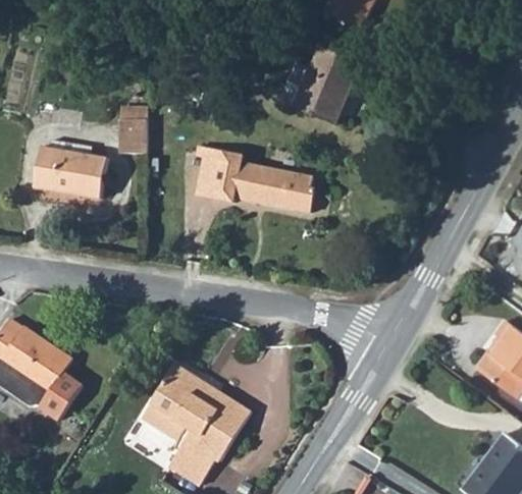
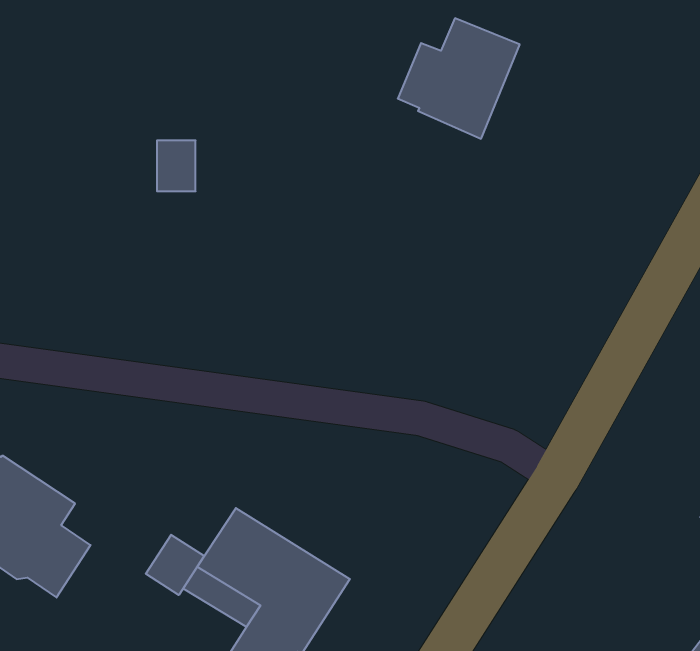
building: [185,148,311,208] -> none
building: [33,152,104,203] -> none
building: none -> [146,535,204,595]

